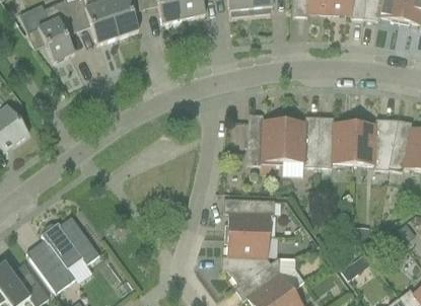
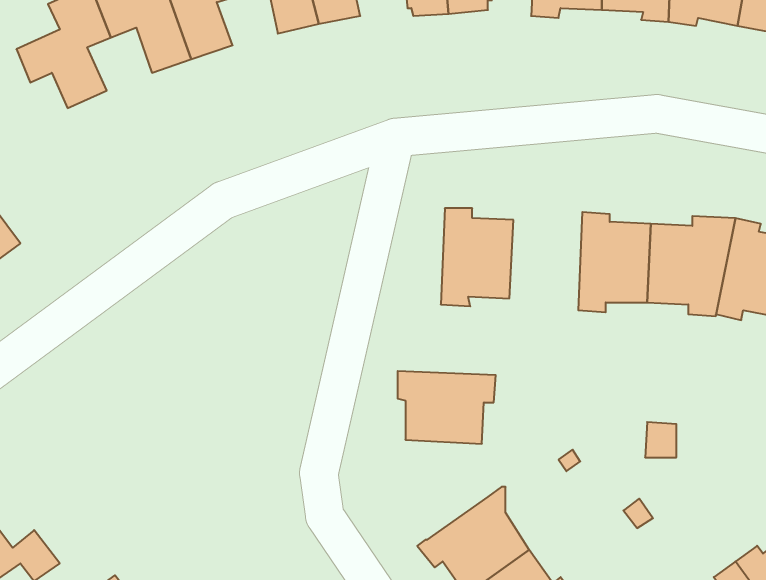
building: [282,116,320,166] -> none
building: [29,215,99,292] -> none
building: [221,233,271,285] -> none

